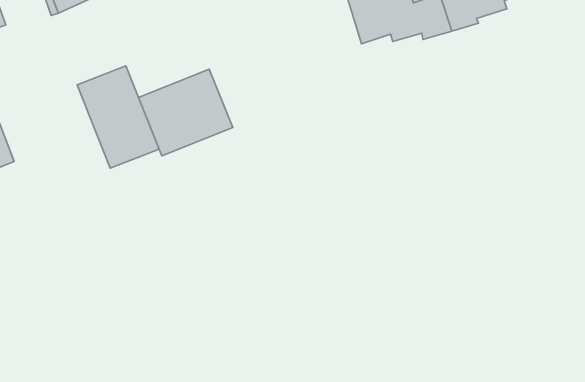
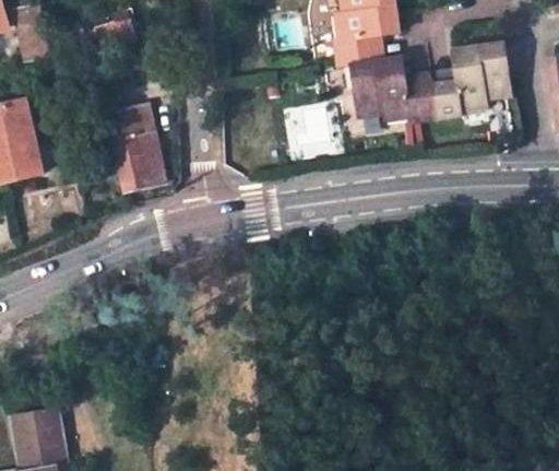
building: [138,69,233,156] -> none

